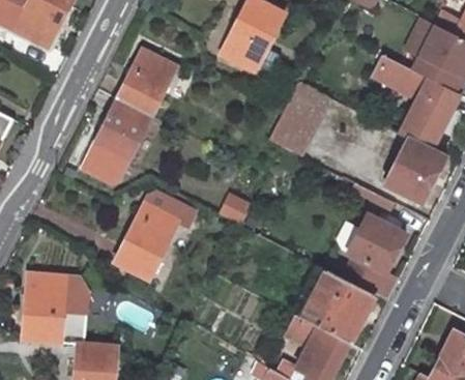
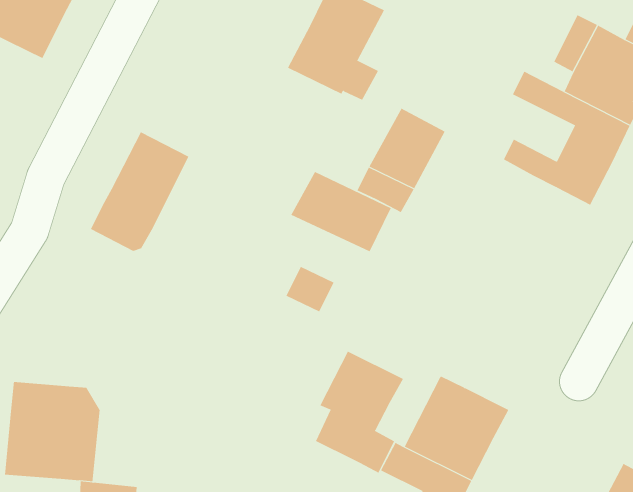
building: [117,49,177,116] -> none
building: none -> [291,171,391,252]
building: [384,138,445,203] -> none
building: [114,192,195,280] -> none
building: [344,214,406,300] -> [315,351,404,474]

